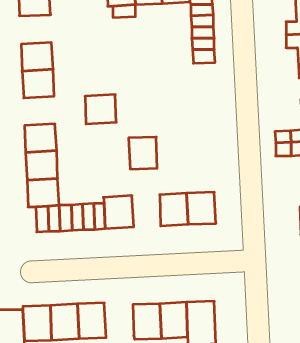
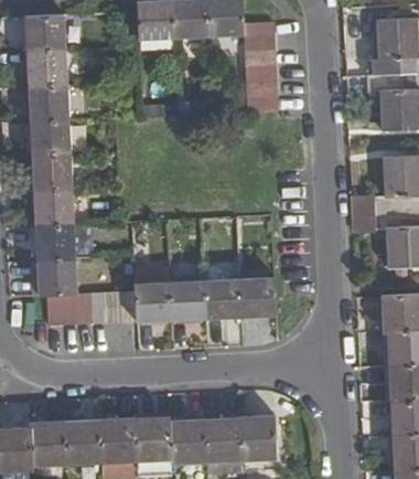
building: none -> [25,50,66,87]
building: [85,95,116,124] -> [31,153,71,191]
building: [129,137,157,169] -> [169,279,205,320]
building: none -> [133,415,171,461]

